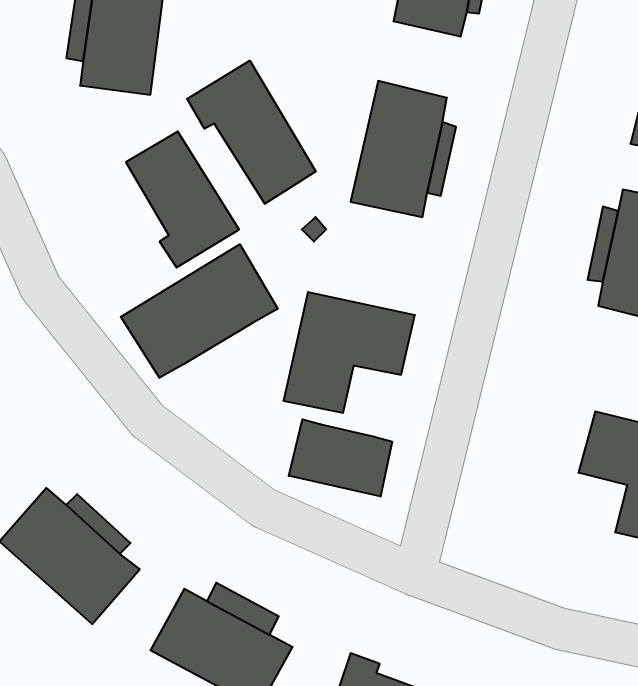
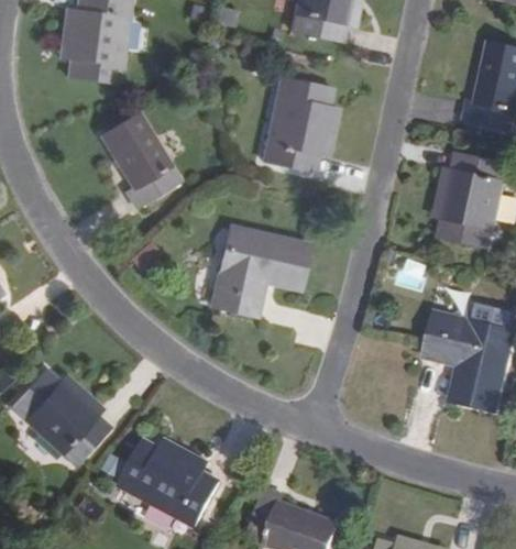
building: [187,61,316,204] -> none
building: [121,244,278,378] -> none
building: [289,419,392,497] -> none

